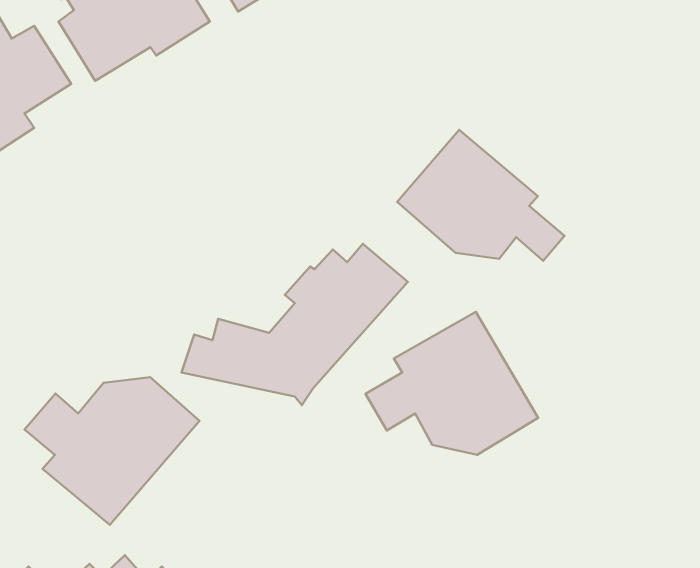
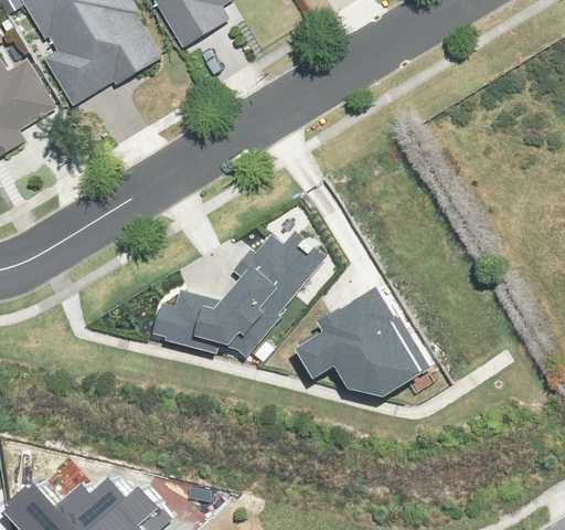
building: [397,130,564,261] -> none
building: [25,377,200,525] -> none

